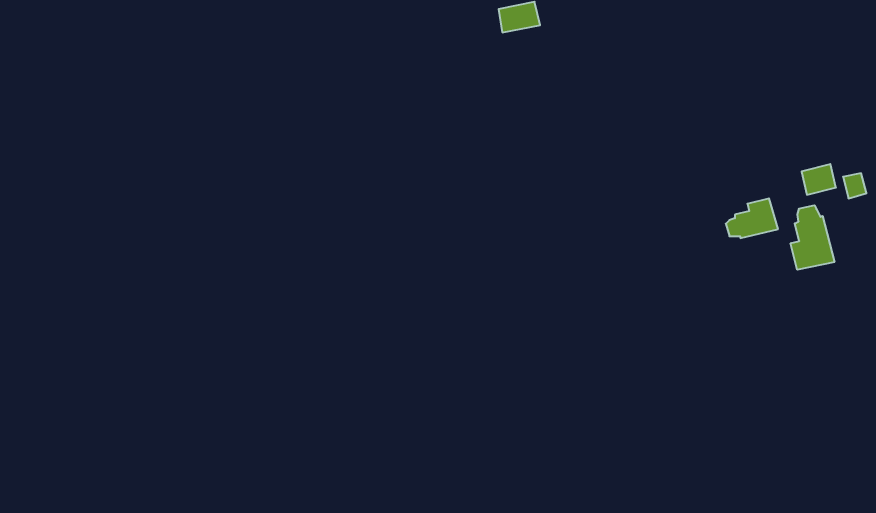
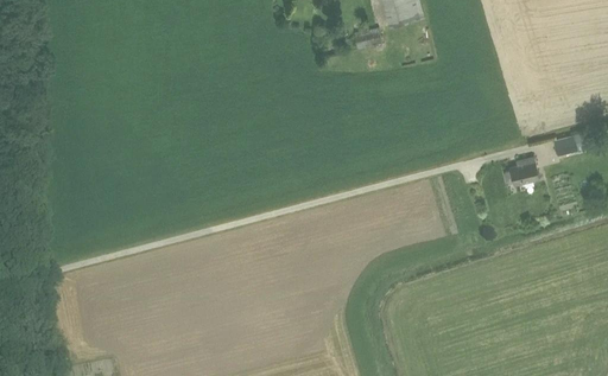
building: [791,205,834,270] -> none

